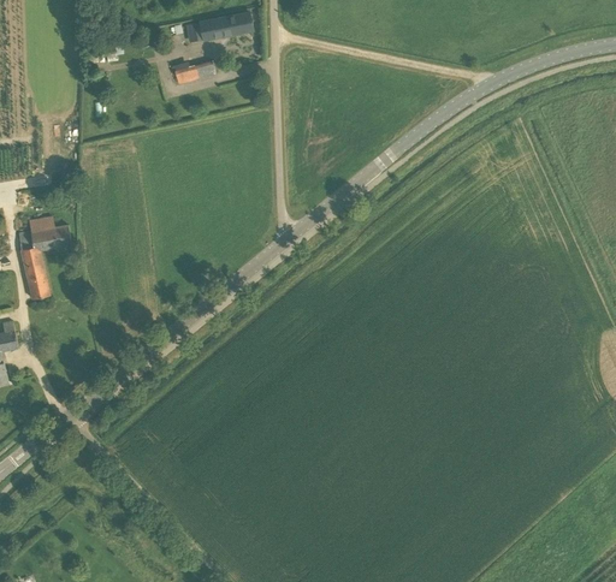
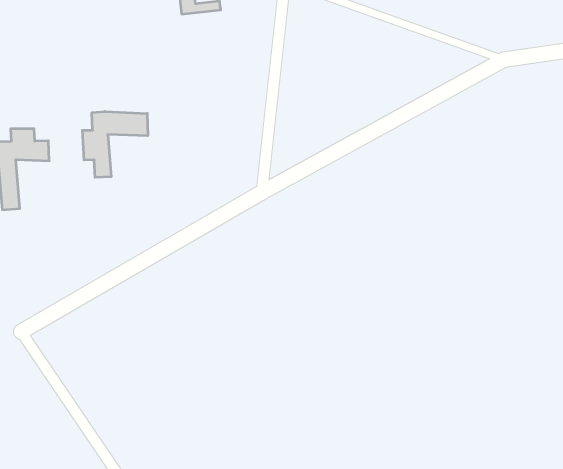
building: none -> [82,111,148,177]

